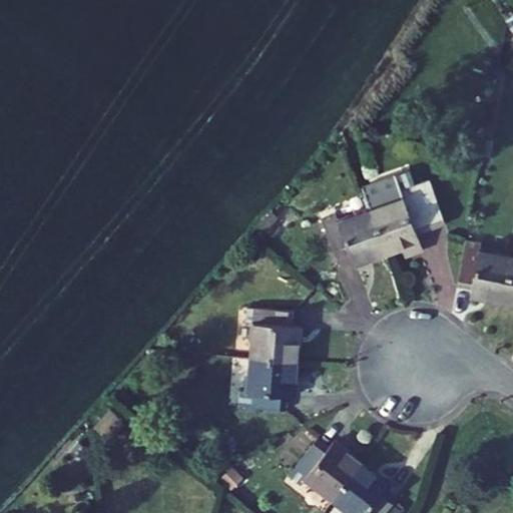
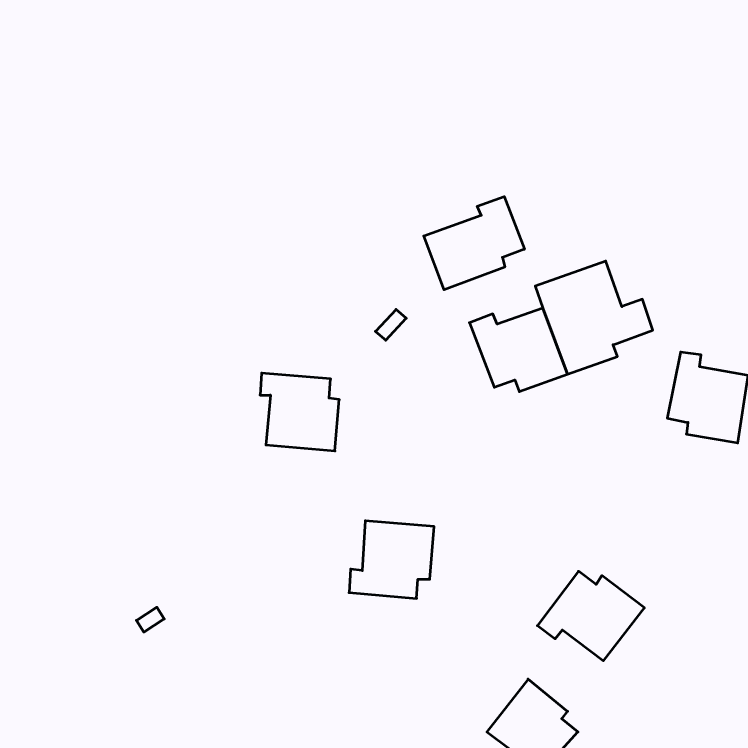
building: none -> [424,197,524,290]
building: [245,308,300,361] -> [260,373,339,451]
building: [288,440,361,501] -> [537,571,644,661]

